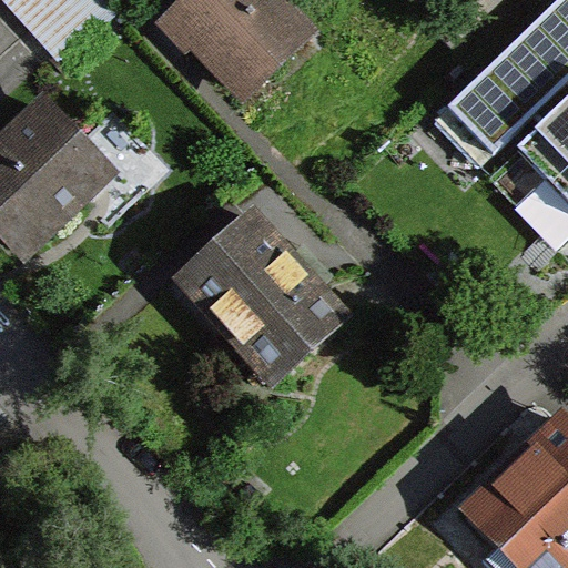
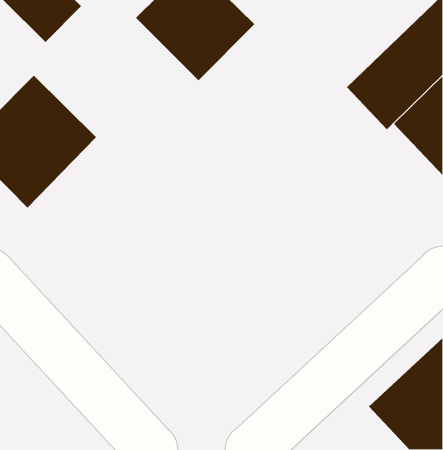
building: [182,214,355,386] -> none

